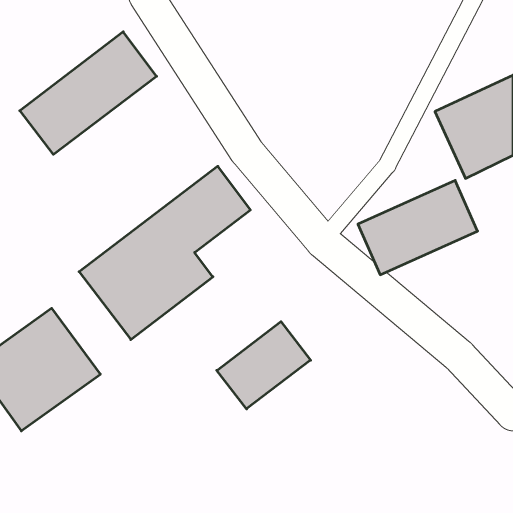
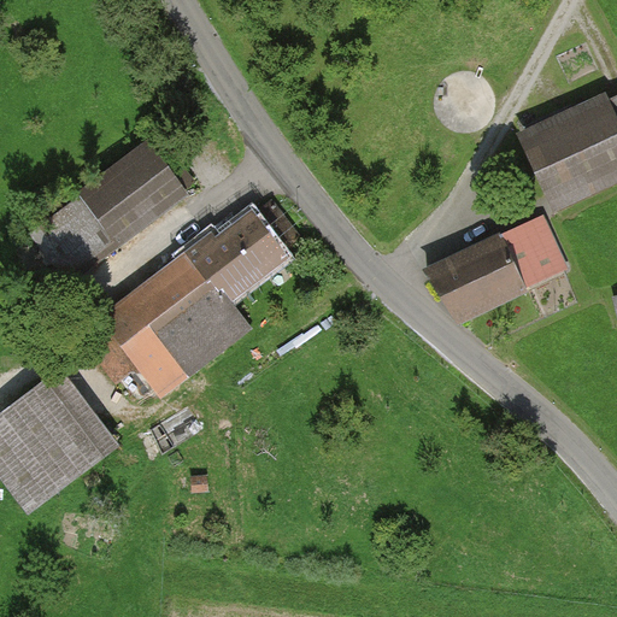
building: [20,32,157,154] -> [24,137,187,283]
building: [217,322,311,409] -> none

